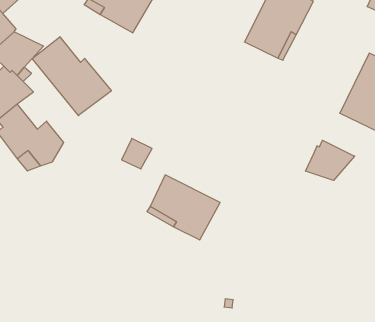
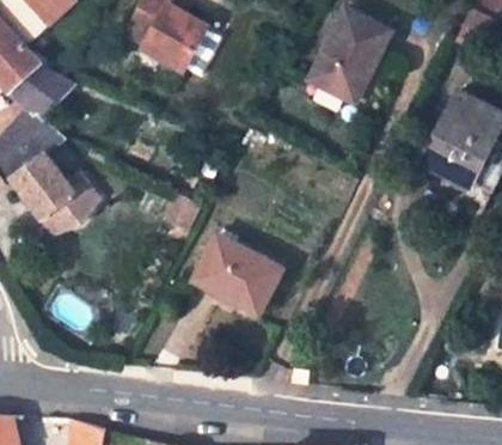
building: [32,37,111,116] -> none
building: [306,140,355,180] -> none

